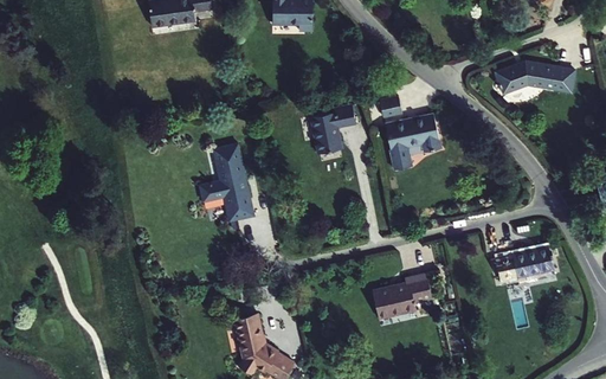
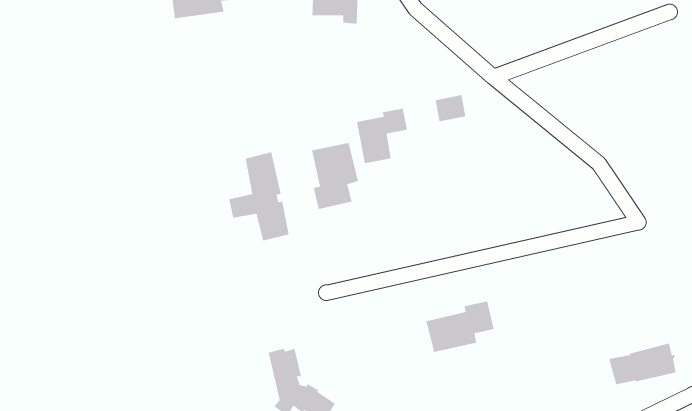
building: [497,62,574,92] -> none
building: [385,114,441,169] -> none
building: none -> [311,142,359,210]
building: [494,245,553,282] -> [609,343,676,385]

